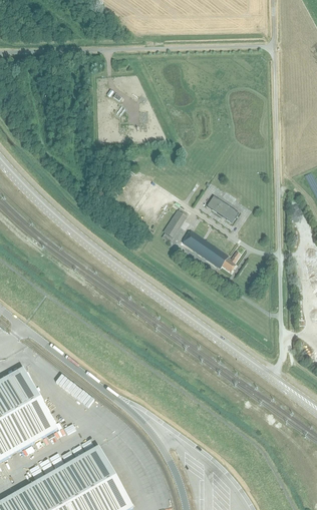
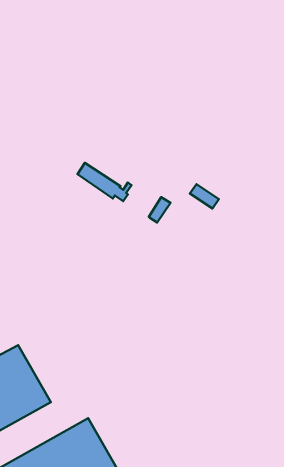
building: [181,232,239,274] -> [77,163,132,201]

